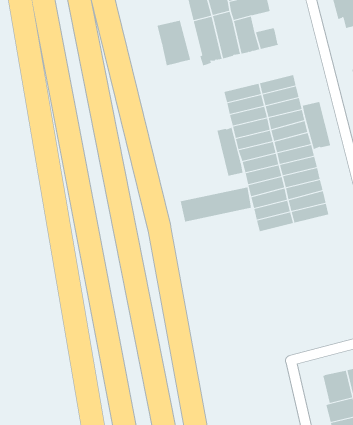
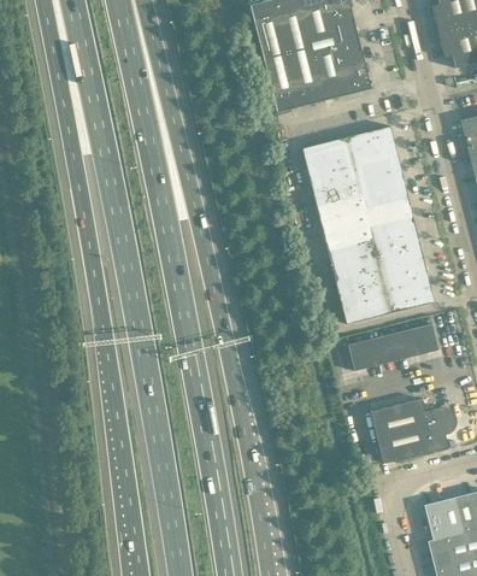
building: none -> [336,47,365,74]
building: [157,20,191,66] -> none
building: [302,101,331,150] -> none
building: [217,127,243,177] -> none
building: [180,187,252,222] -> [348,324,438,369]
building: none -> [370,399,455,464]

